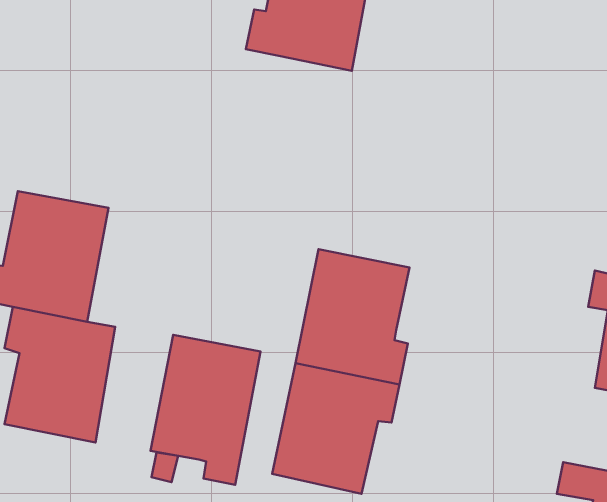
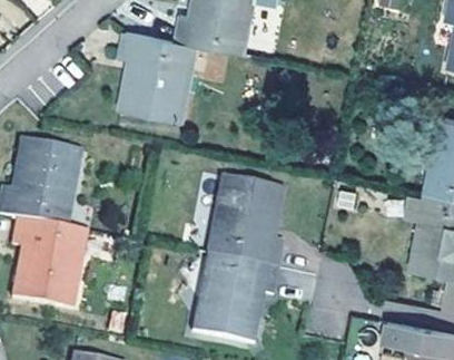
building: none -> [120,33,196,121]
building: [150,335,261,485] -> none

